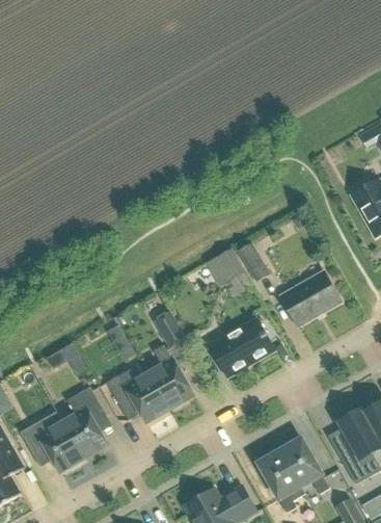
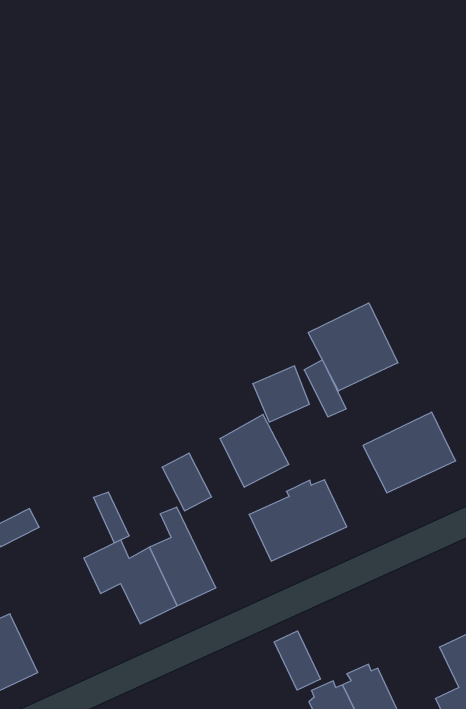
building: none -> [308,303,398,391]
building: none -> [220,414,289,487]
building: [62,386,107,457] -> none
building: none -> [274,631,321,690]

